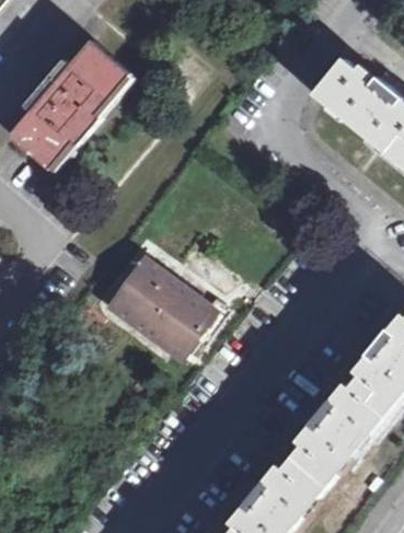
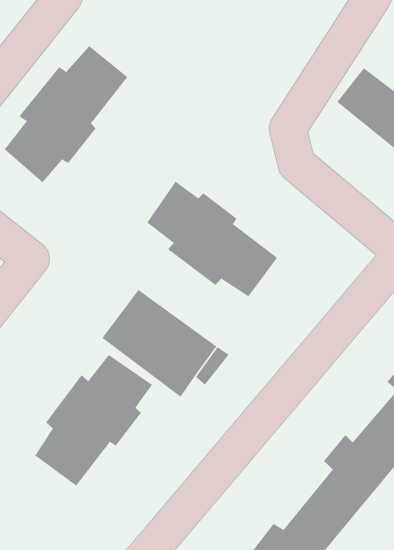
building: none -> [146,181,278,297]
building: none -> [34,354,153,487]

